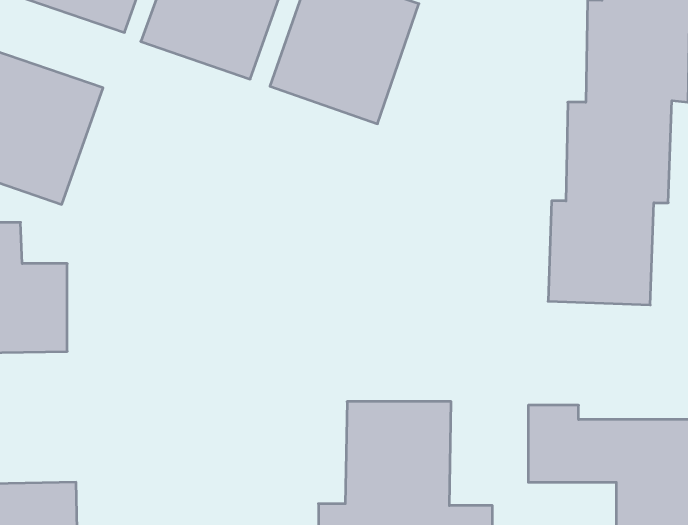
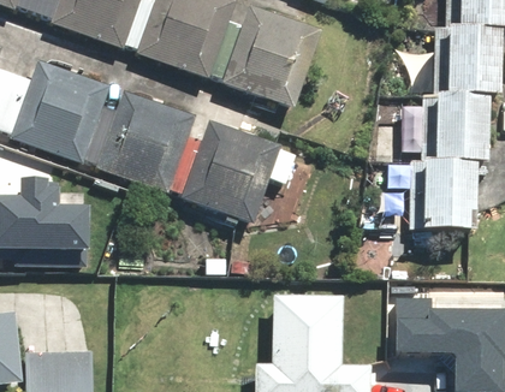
building: none -> [95,89,195,192]
building: none -> [180,119,280,222]

